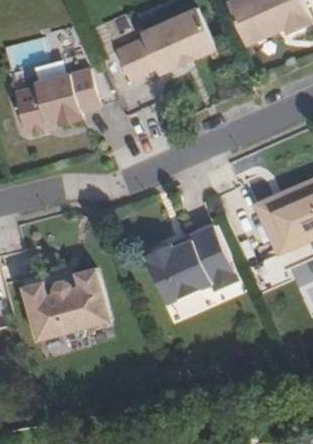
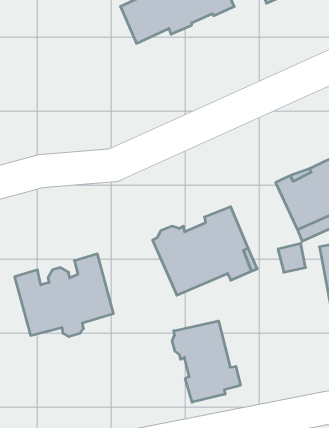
building: [15,66,99,129] -> none
building: none -> [172,321,240,402]

